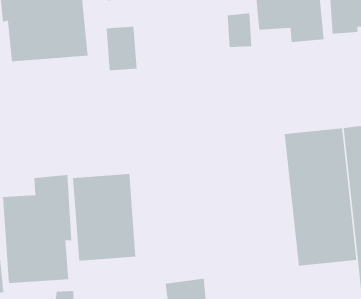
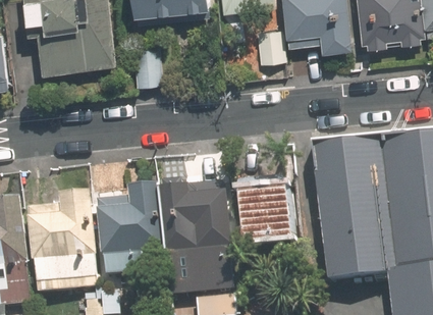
building: none -> [237,183,291,245]
building: none -> [159,185,234,290]

